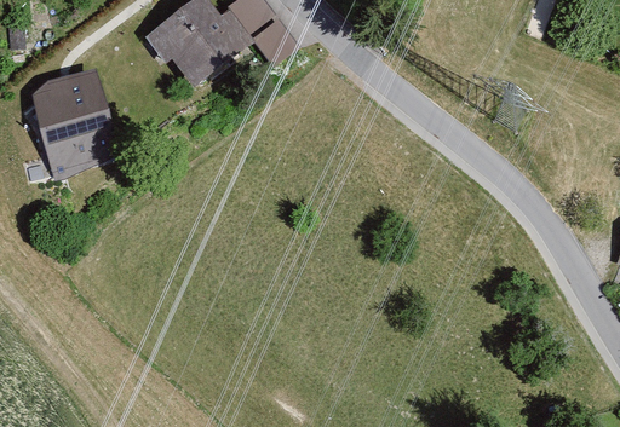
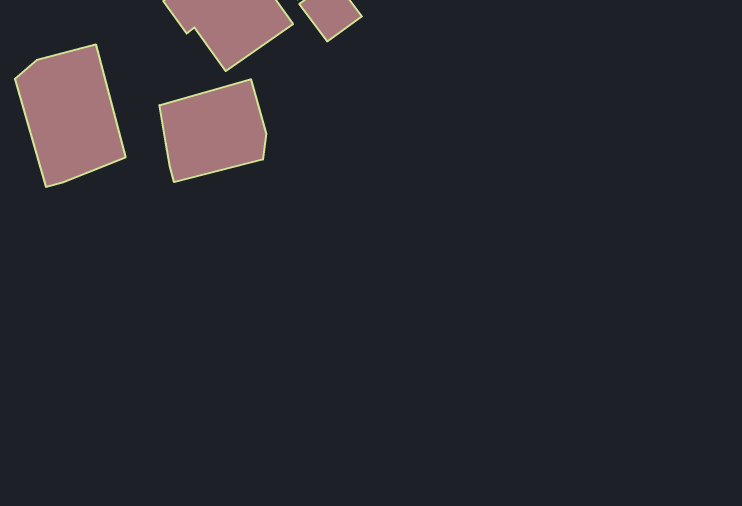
building: none -> [159,79,266,182]

